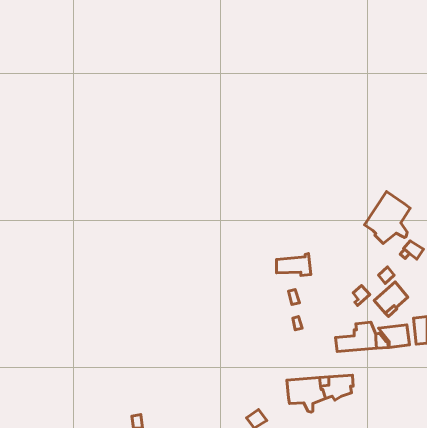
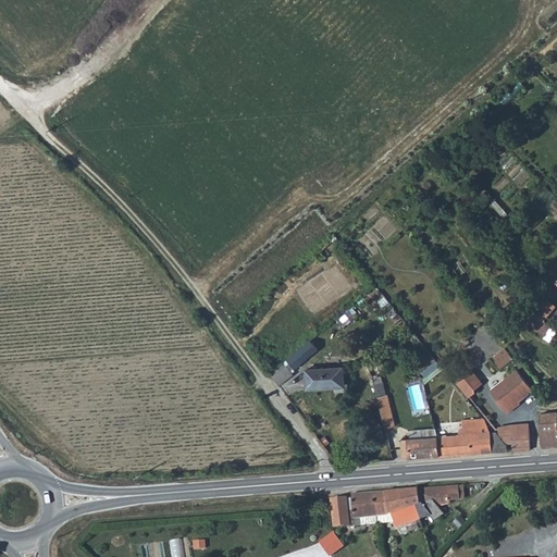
building: [364,191,410,244] -> none
building: [277,254,311,275] -> [305,362,349,391]
building: none -> [398,437,437,458]
building: none -> [332,493,374,527]

